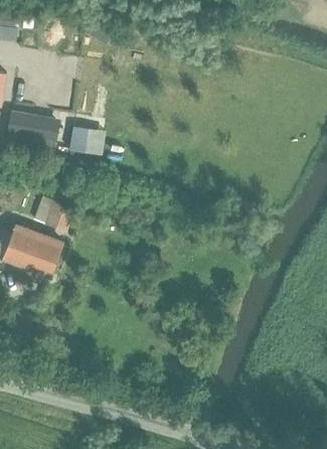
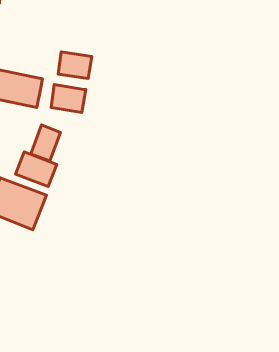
building: none -> [58,52,92,79]
building: none -> [31,125,60,161]

